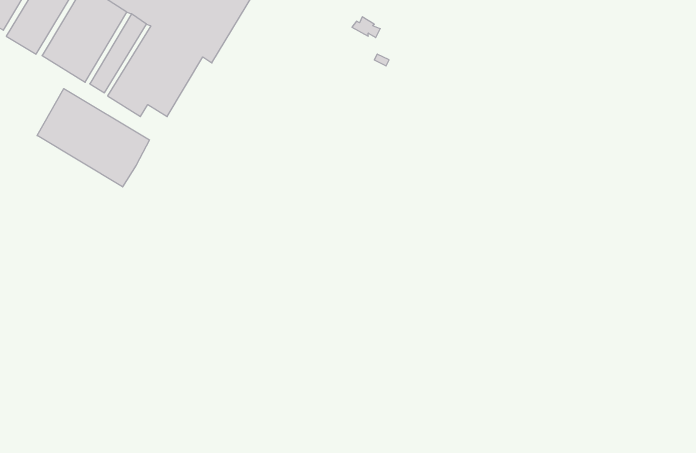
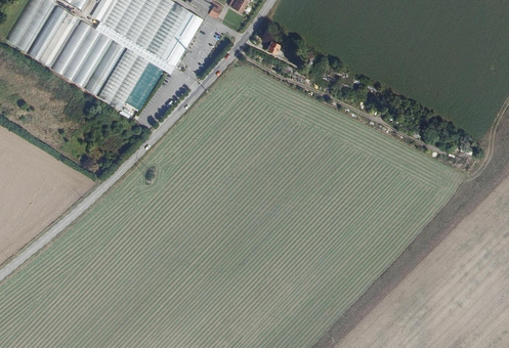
building: [37,89,149,187] -> none

